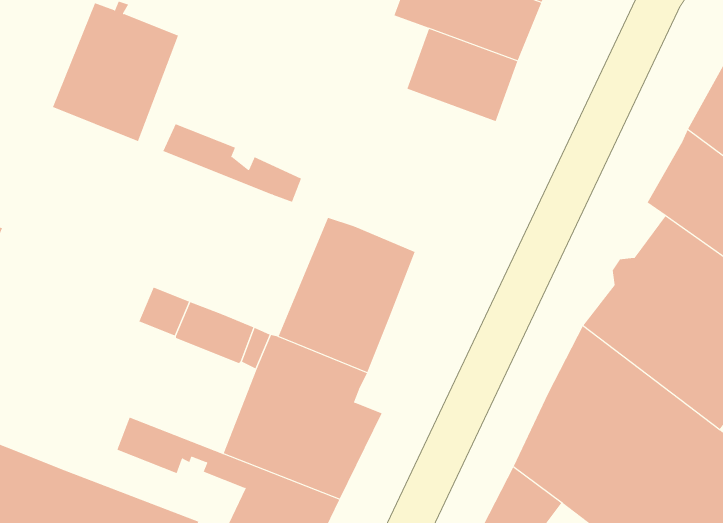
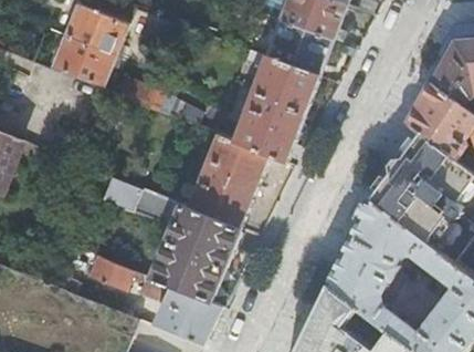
building: none -> [233,50,318,162]

